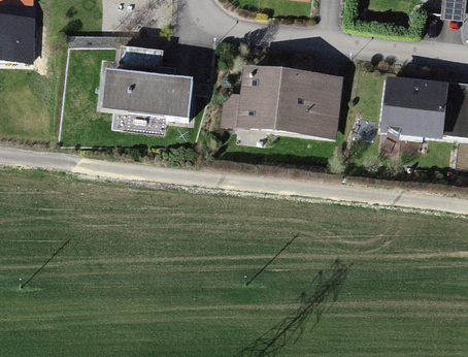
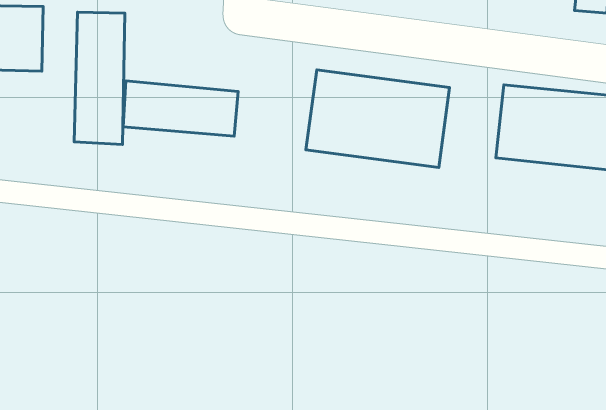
building: none -> [74,12,125,144]

